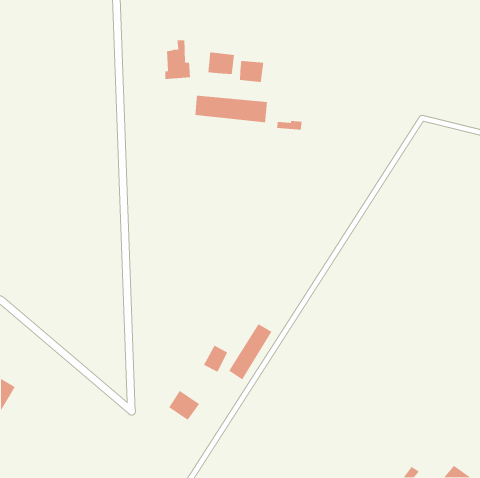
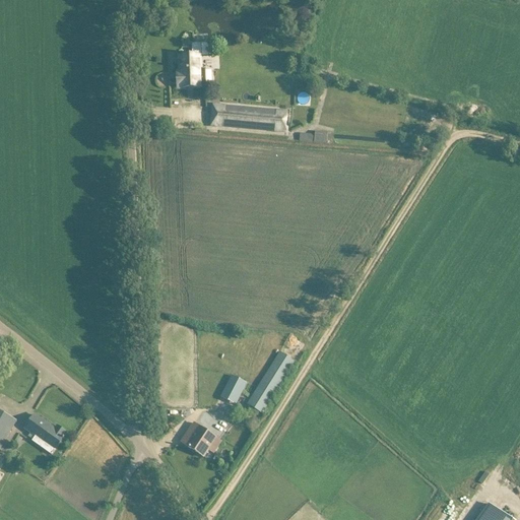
building: [207,51,235,75] -> none
building: [239,60,264,83] -> none
building: none -> [23,413,66,453]

